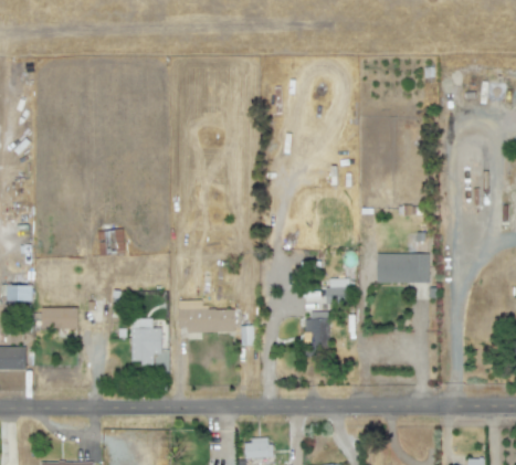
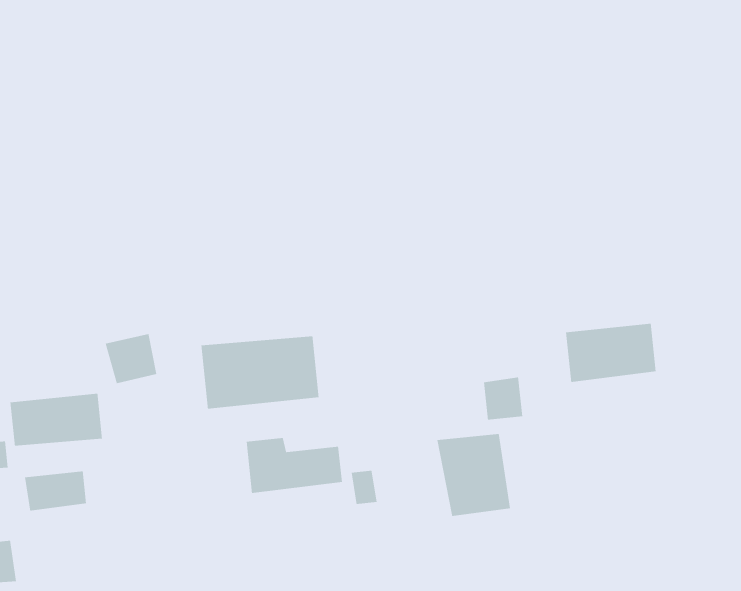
building: none -> [201,335,319,410]
building: none -> [10,393,103,447]
building: [133,328,164,362] -> none

